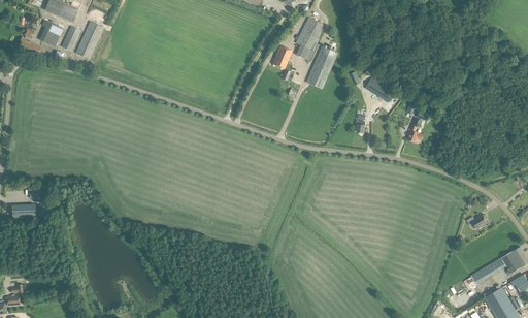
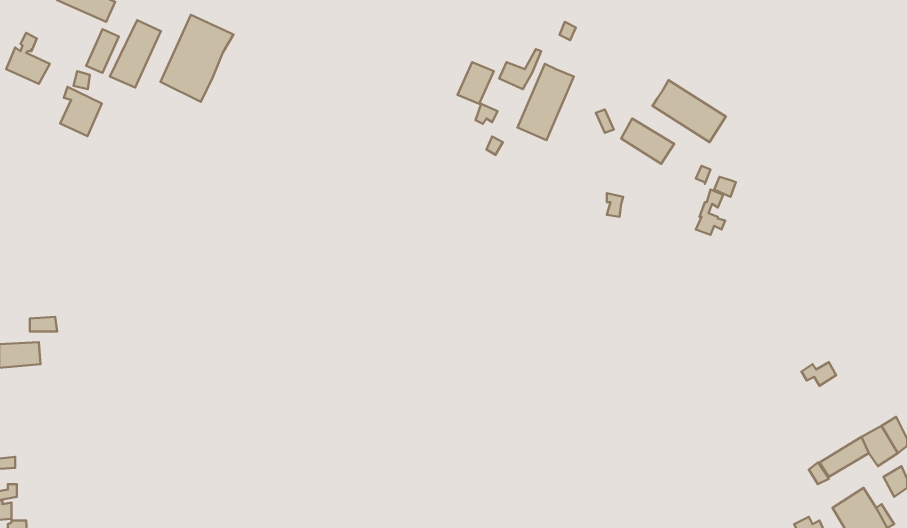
building: [295,17,323,49] -> none
building: none -> [160,15,233,102]
building: [39,19,63,46] -> [60,87,102,136]
building: none -> [652,80,726,142]

